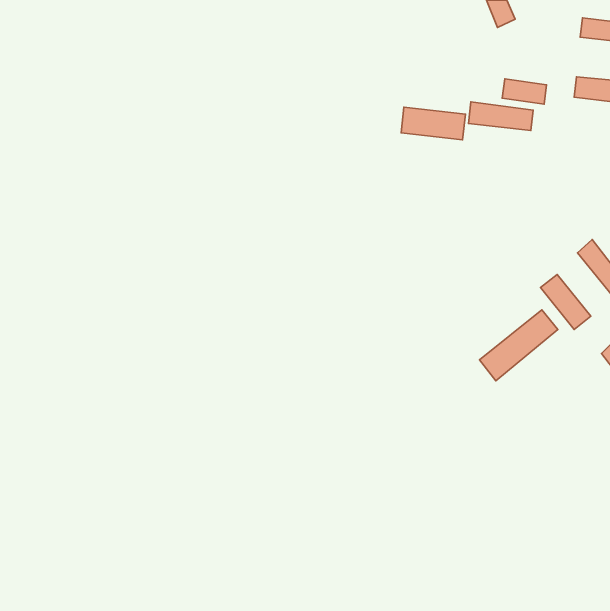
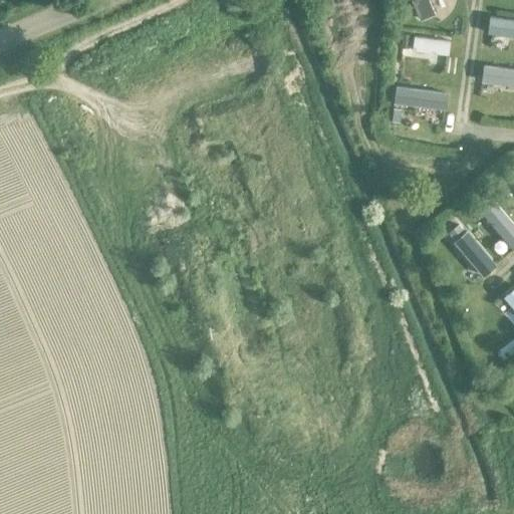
building: [502,79,547,104] -> [413,35,450,56]
building: [401,107,465,140] -> none
building: [479,310,558,381] -> none

